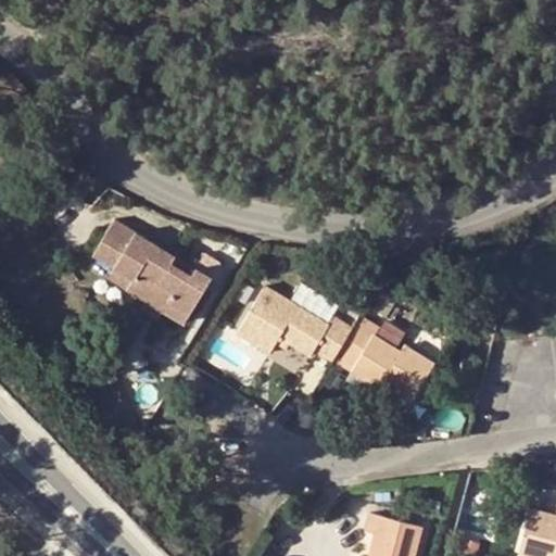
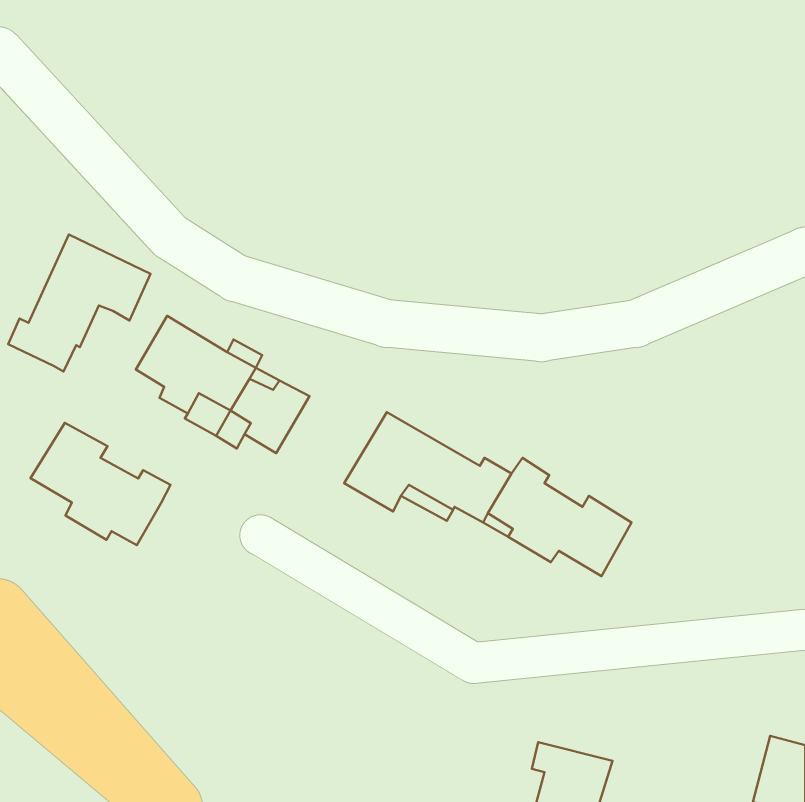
building: none -> [8,235,151,372]
building: none -> [31,423,170,545]

